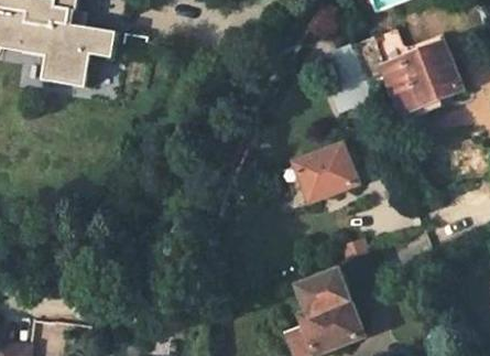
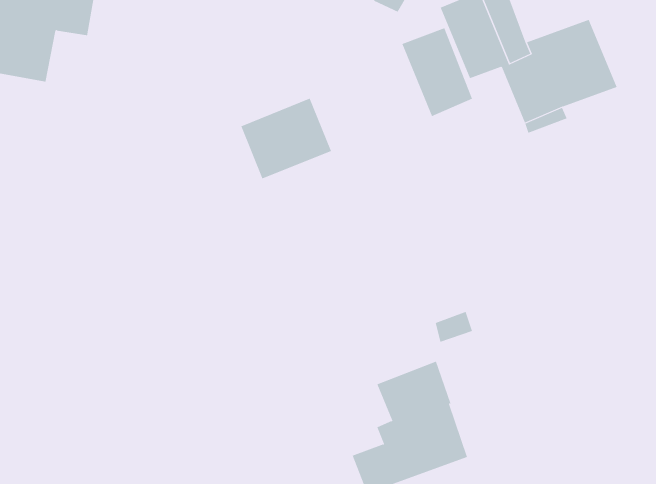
building: [296,147,357,201] -> [240,98,332,179]

